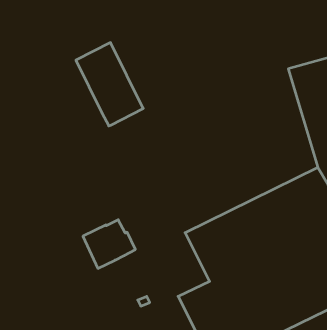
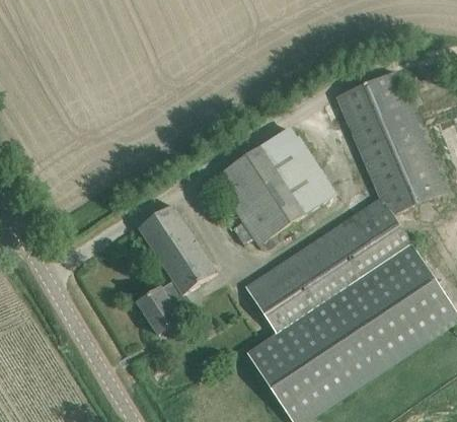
building: [76,43,143,126] -> [139,204,217,293]
building: none -> [214,129,336,245]

